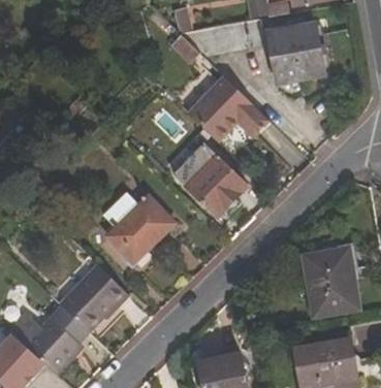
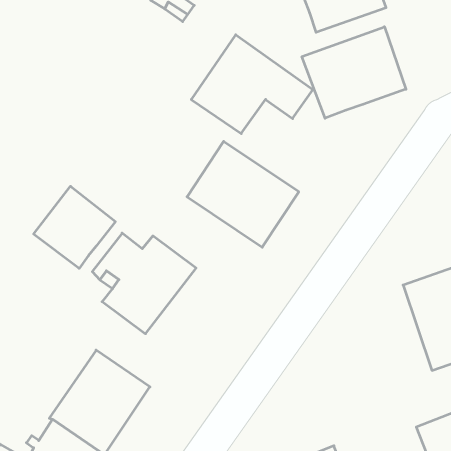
building: none -> [302,27,406,118]
building: none -> [34,186,115,268]

